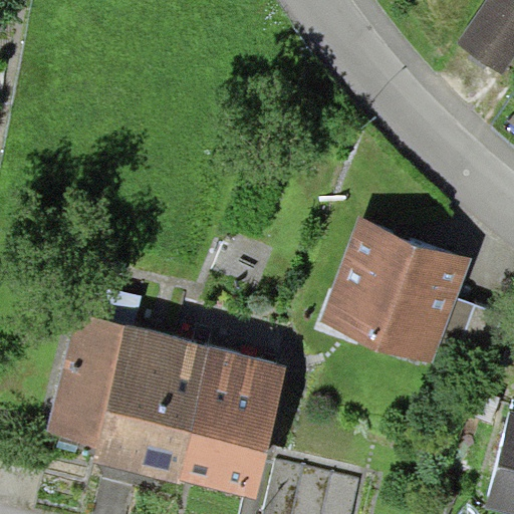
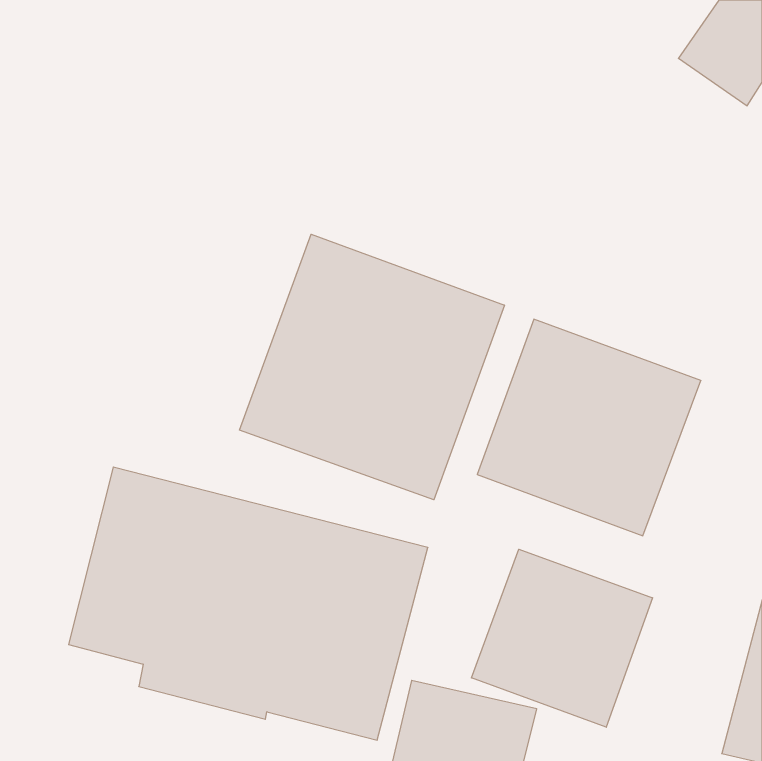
building: none -> [239,234,504,500]
building: none -> [471,549,653,727]

